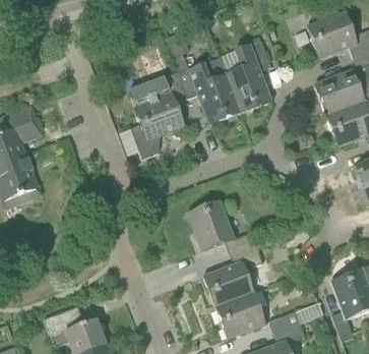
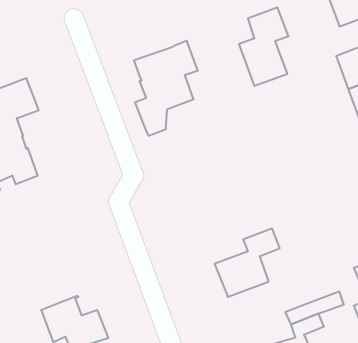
building: [173,53,240,124] -> none
building: [188,200,256,254] -> none
building: [216,293,265,338] -> none

